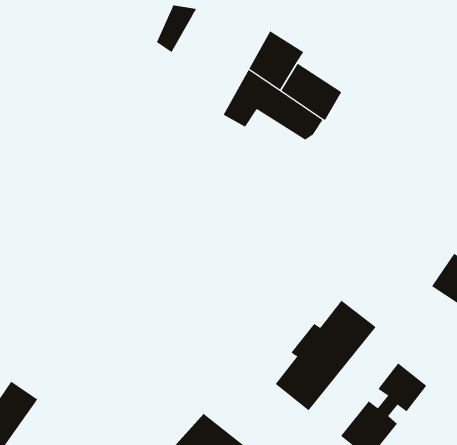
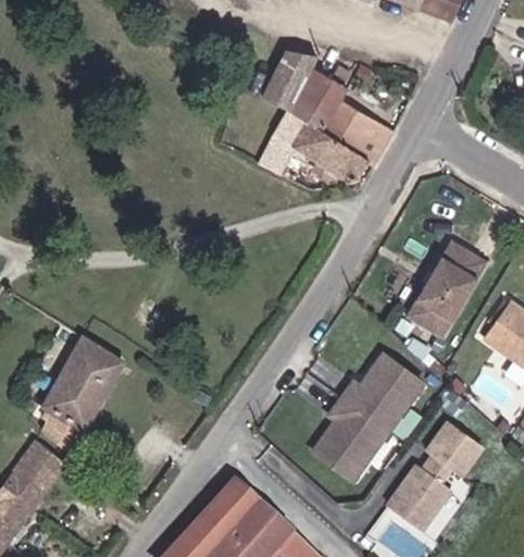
building: [156,5,197,53] -> [267,46,313,99]
building: none -> [409,242,489,341]
building: none -> [30,334,124,454]

